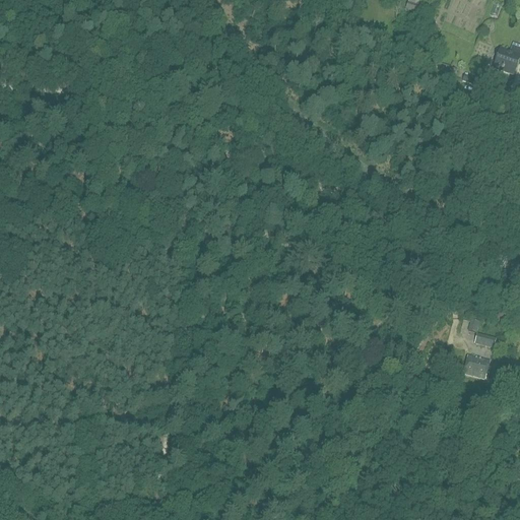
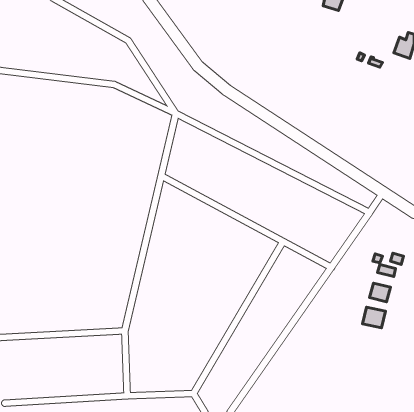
building: none -> [363,307,386,328]

